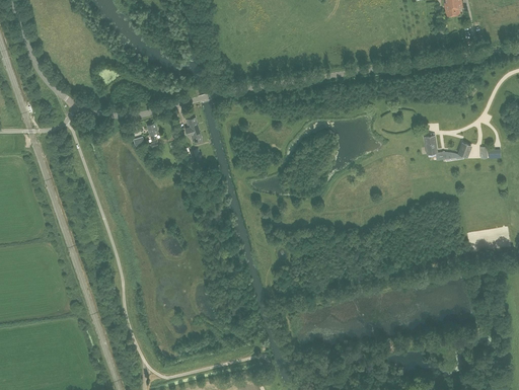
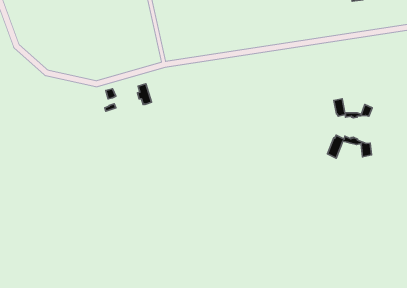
building: none -> [328,135,372,158]

